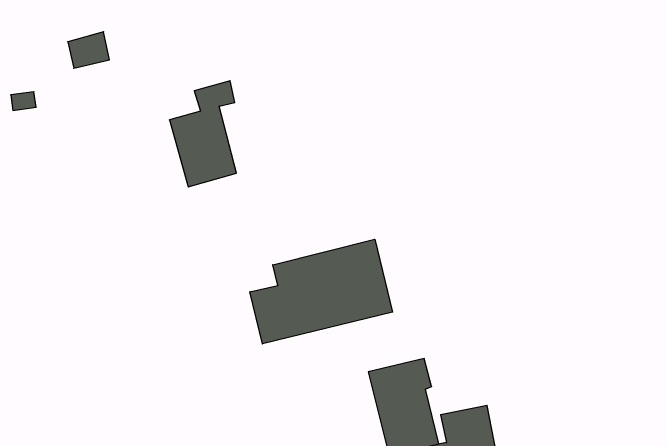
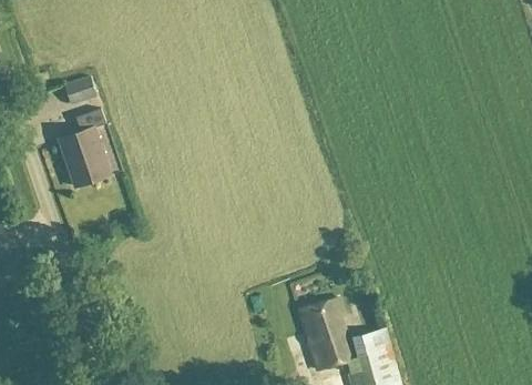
building: [169,81,236,187] -> [60,108,111,186]
building: [250,239,393,344] -> none

